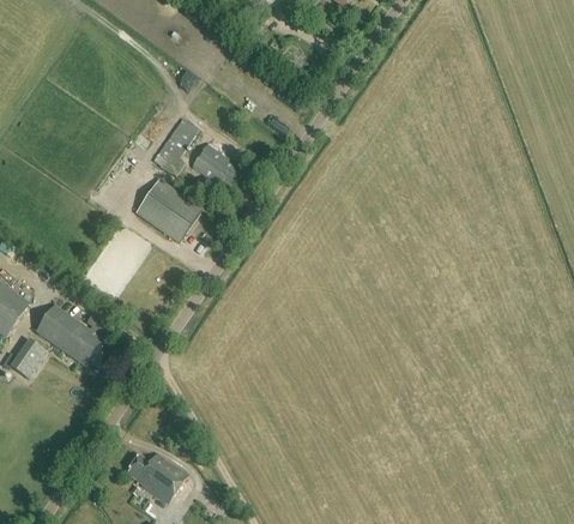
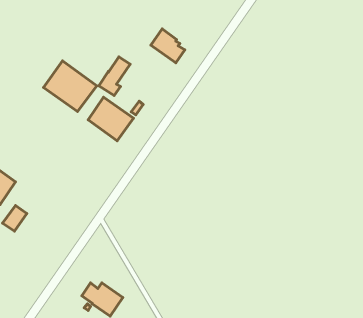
building: none -> [44,61,97,111]
building: [192,141,242,192] -> [151,29,185,63]
building: [35,305,111,368] -> none

